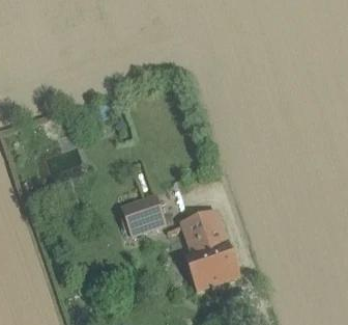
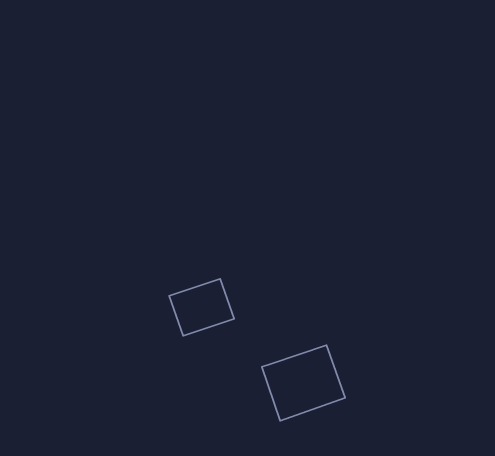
building: [180,209,228,252] -> none

